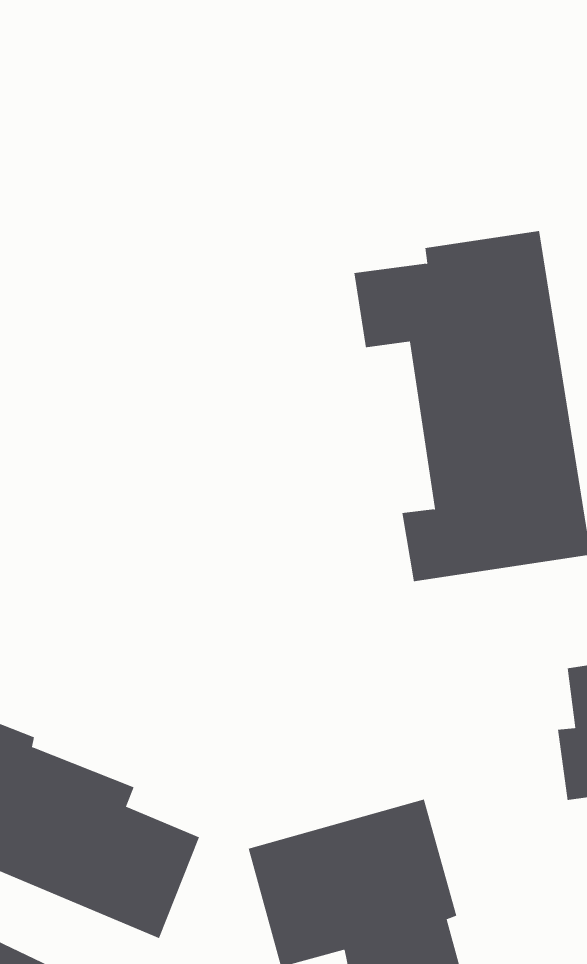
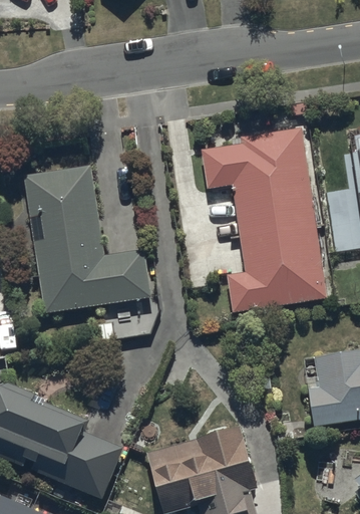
building: none -> [23,166,151,312]

